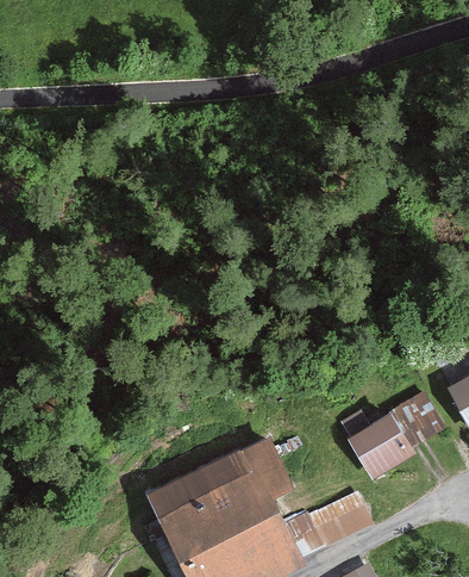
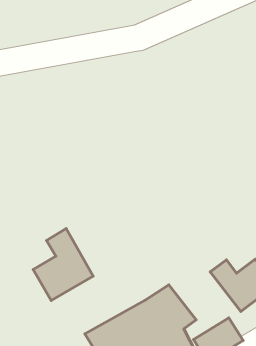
building: none -> [33,229,93,301]

